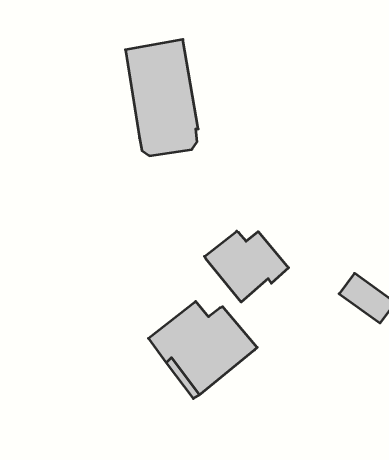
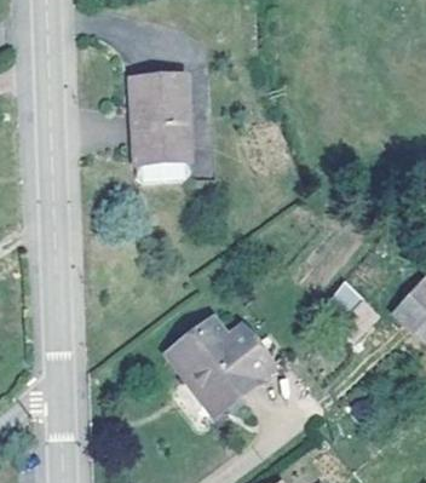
building: [204,231,289,302] -> none

